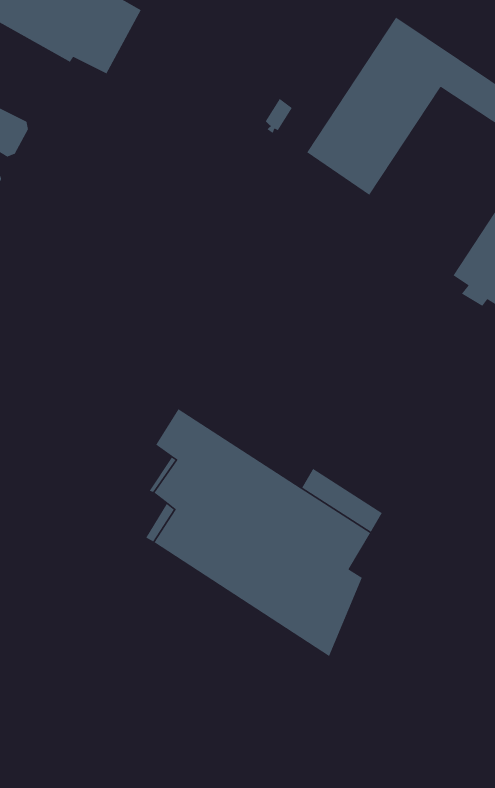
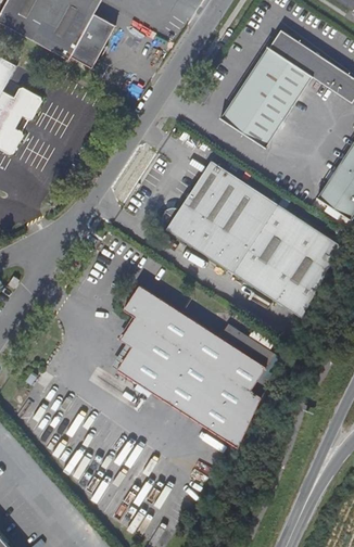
building: none -> [161,162,341,319]

